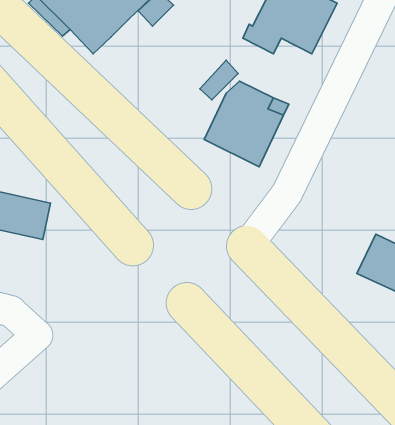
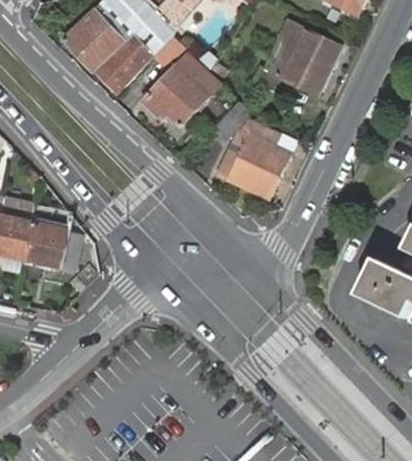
building: none -> [140,54,221,125]

